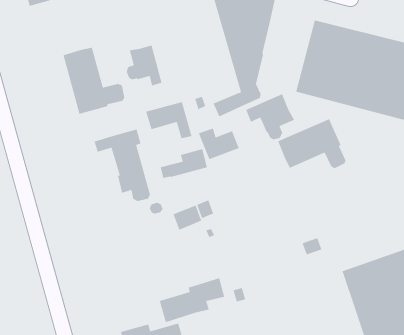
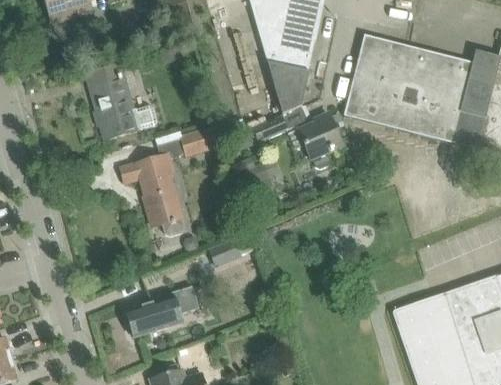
building: [126,44,163,86] -> none
building: [277,118,347,169] -> none
building: [160,148,208,179] -> none
building: [159,277,225,323] -> [126,286,199,337]

